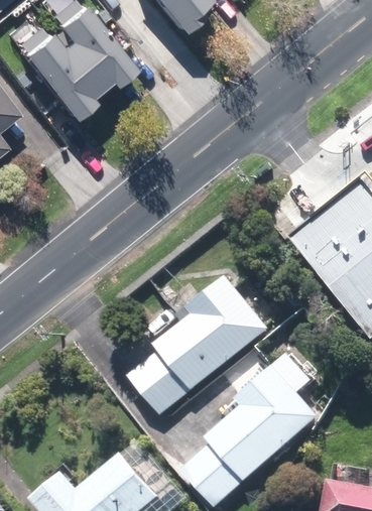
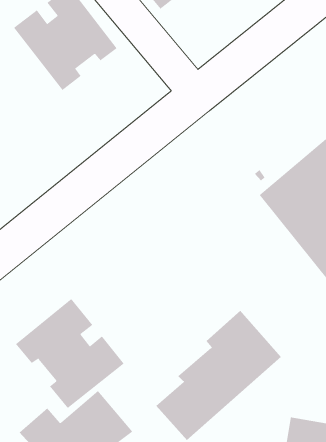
building: [125,274,266,414] -> none
building: none -> [15,298,125,409]

